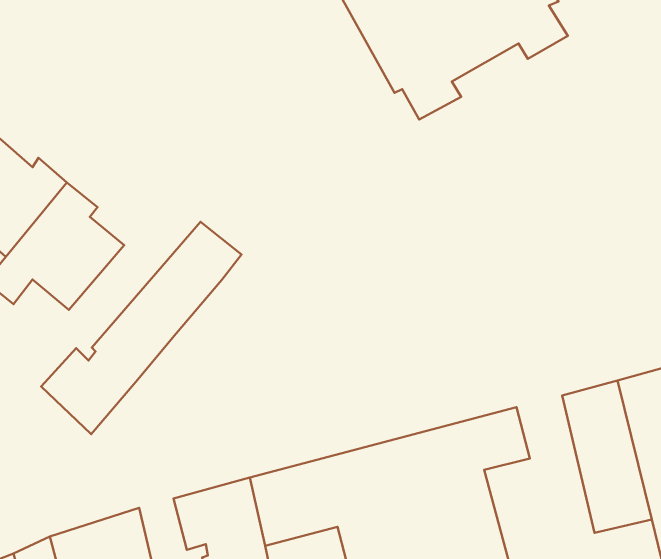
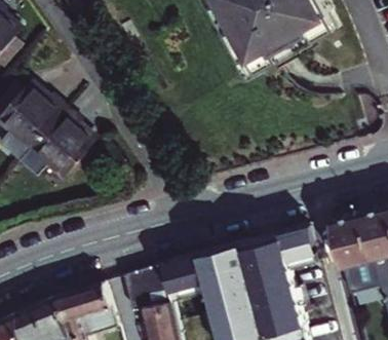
building: [41,222,242,434] -> none

